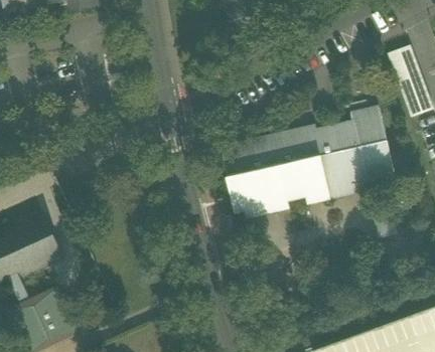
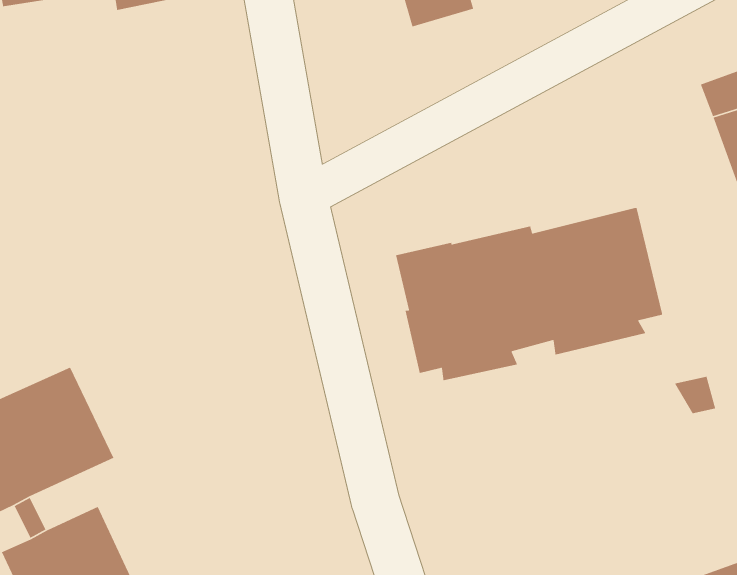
building: [352,107,397,179] -> none

